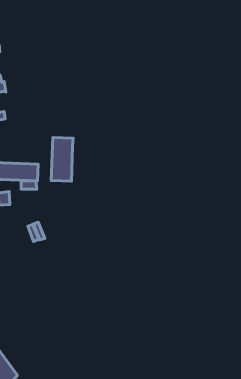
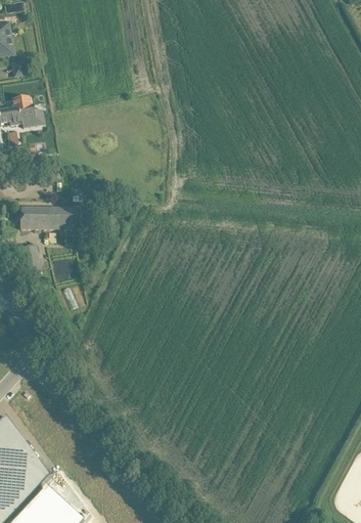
building: [51,138,73,181] -> none

